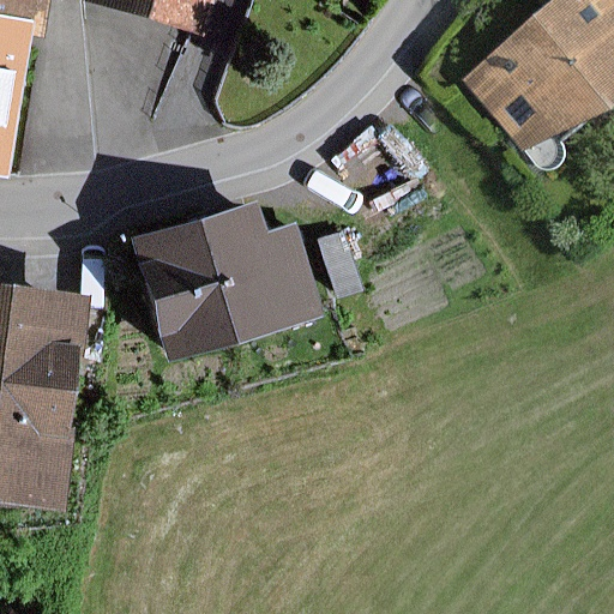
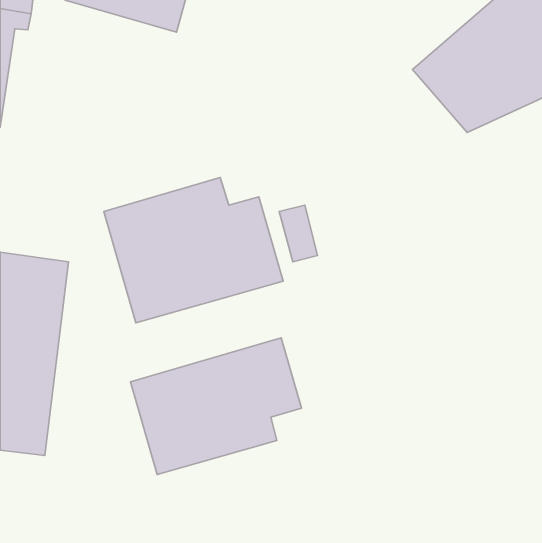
building: none -> [130,338,301,475]

